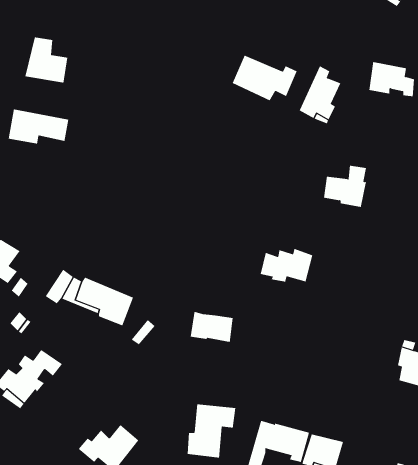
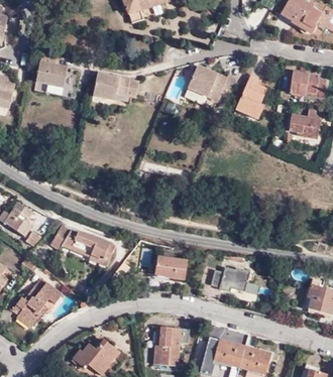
building: [8,109,69,144] -> [93,75,138,101]
building: [323,165,367,208] -> [289,108,321,139]
building: [260,248,313,282] -> [213,265,252,290]

